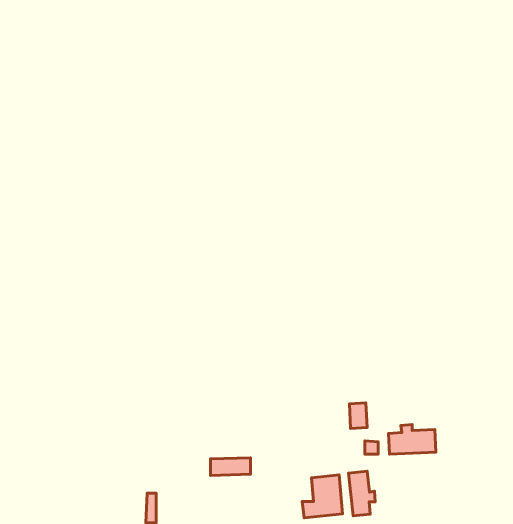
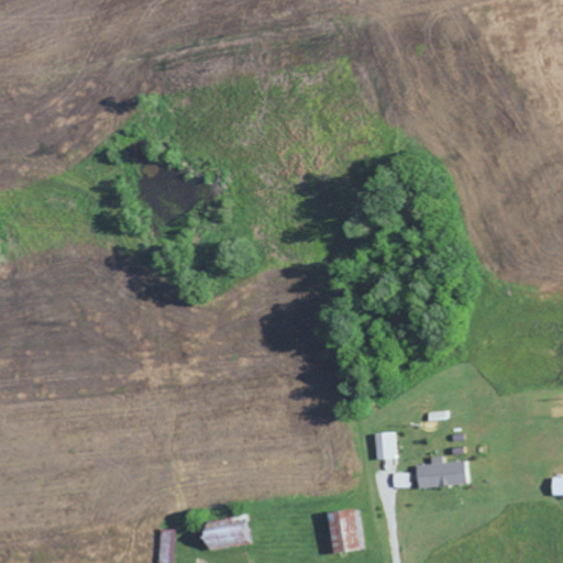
building: [211,458,251,475] -> [210,527,253,545]
building: [349,471,375,516] -> none

